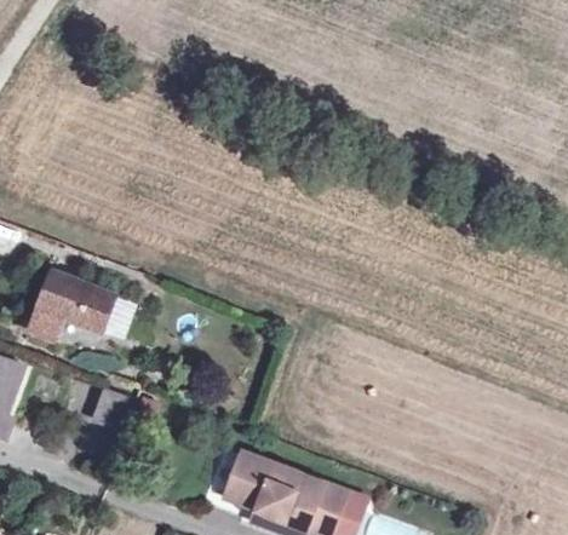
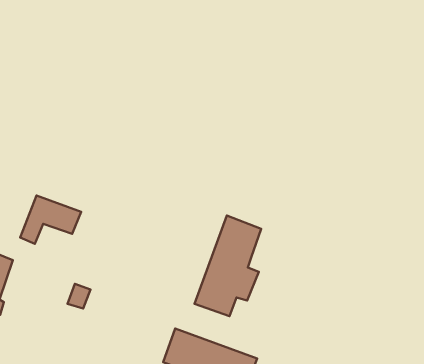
building: none -> [195,216,261,316]

